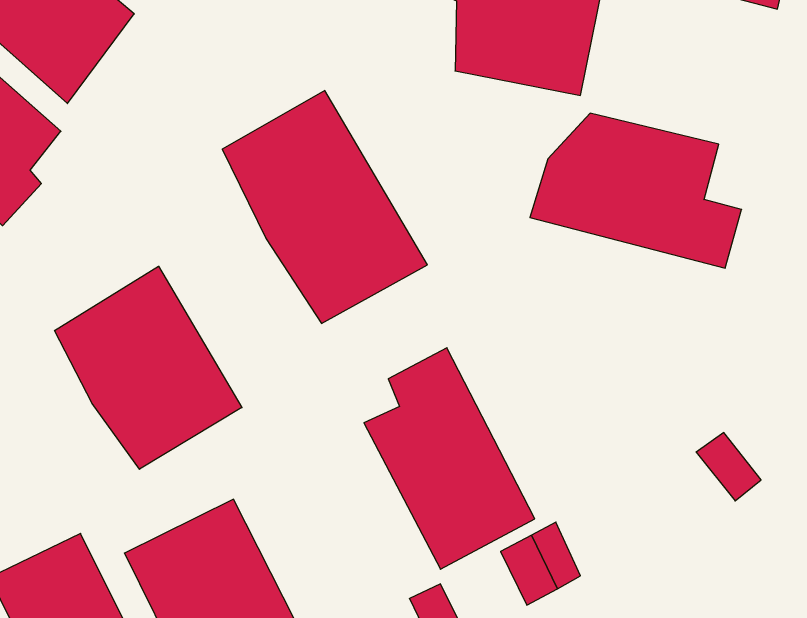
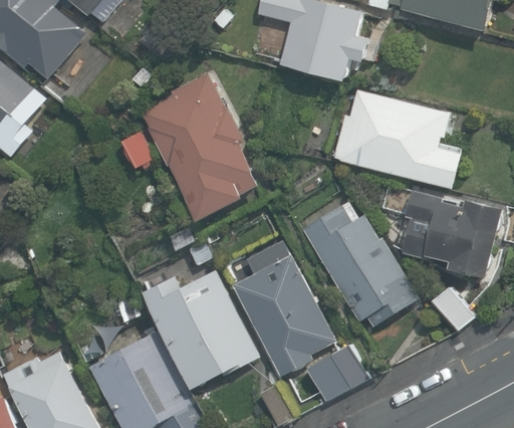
building: [55,266,242,469] -> none
building: none -> [405,192,499,268]
building: none -> [300,197,418,329]
building: none -> [139,267,258,389]

